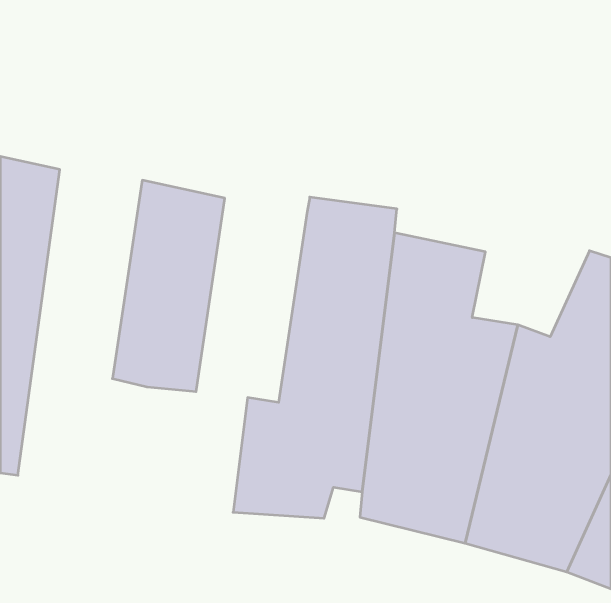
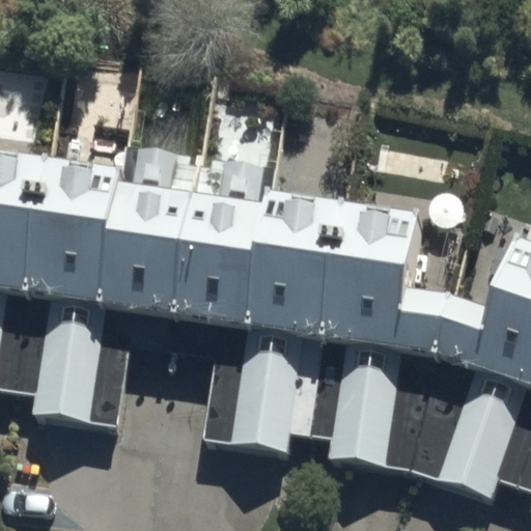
building: none -> [16,147,128,429]
building: none -> [170,172,267,350]

